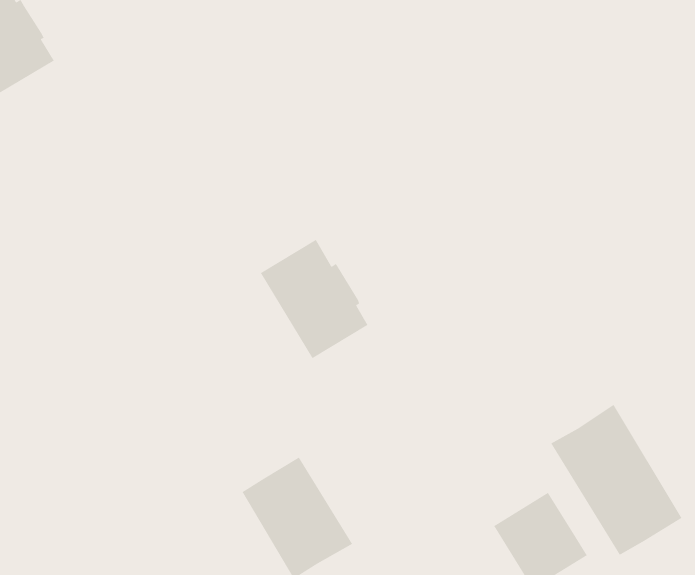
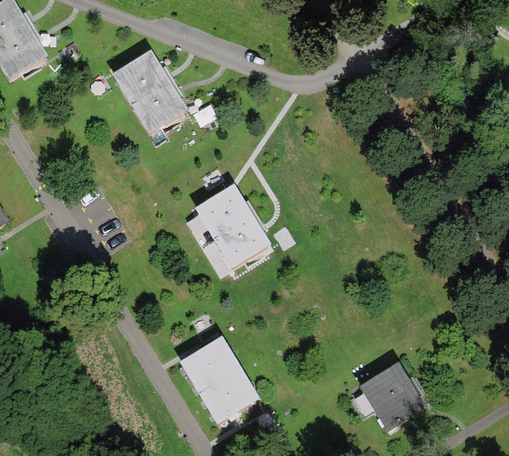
building: none -> [111,49,187,133]
building: [550,404,682,556] -> none

